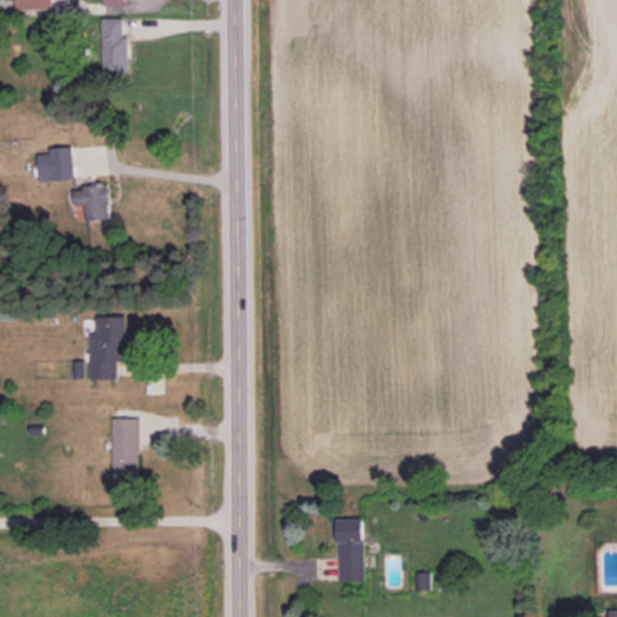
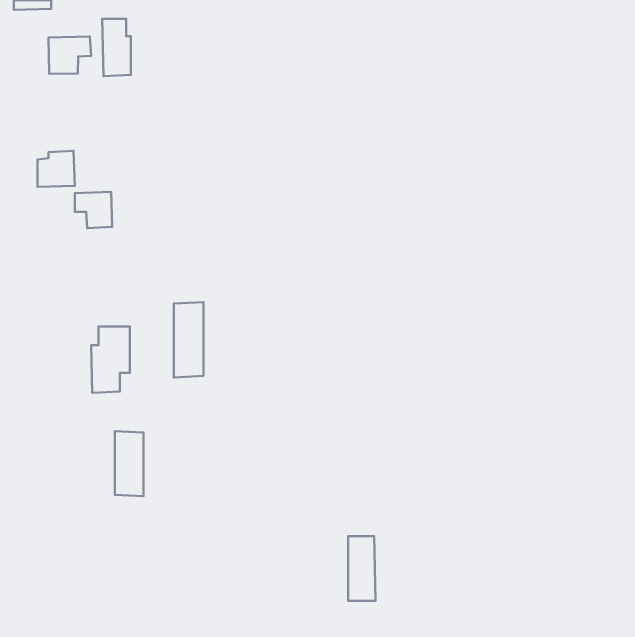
building: none -> [48,36,91,74]
building: none -> [174,302,203,377]

